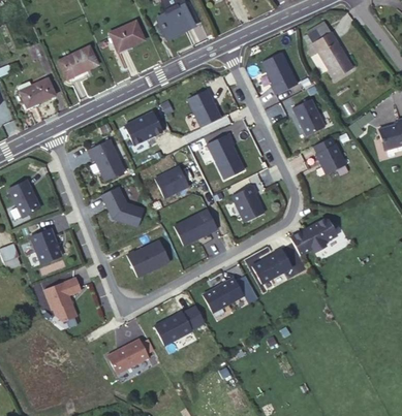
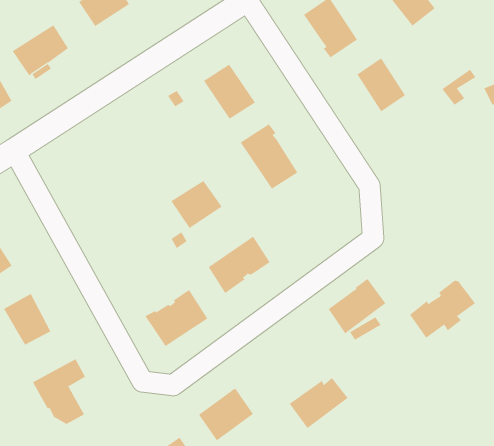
building: [124,111,162,145] -> none
building: [313,137,345,173] -> none
building: [88,139,125,181] -> none
building: [231,185,264,222] -> none
building: [101,186,144,226] -> none
building: [290,218,337,255] -> [409,280,476,338]
building: [203,280,244,313] -> [289,377,349,429]

